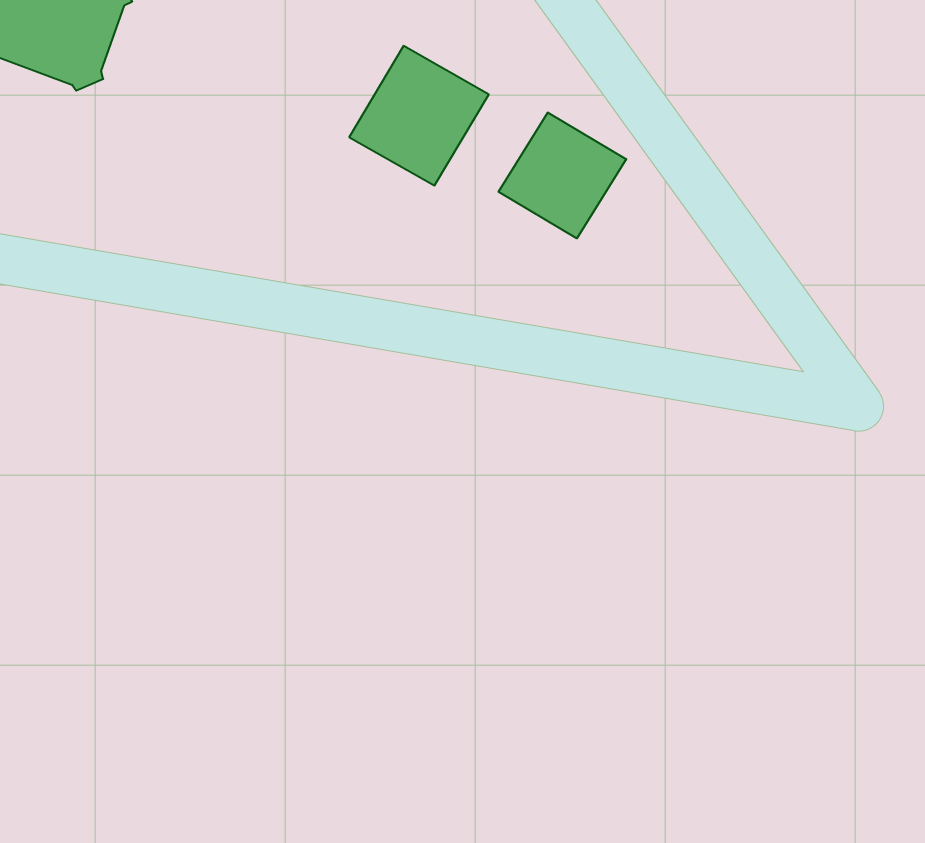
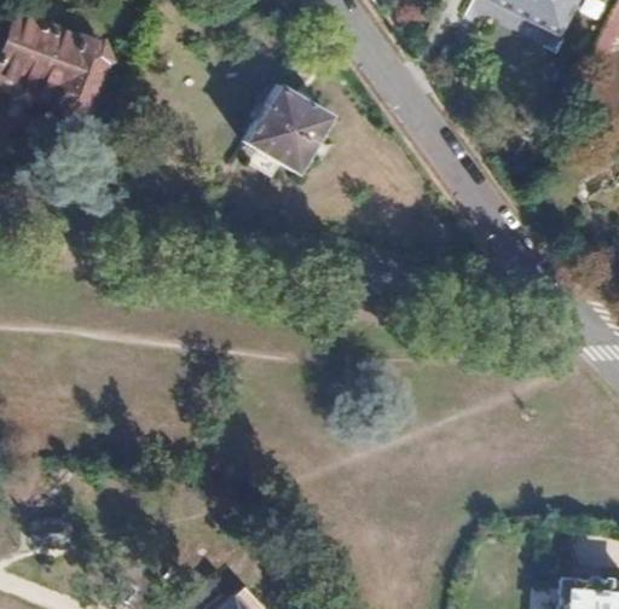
building: [499,112,626,238] -> none

